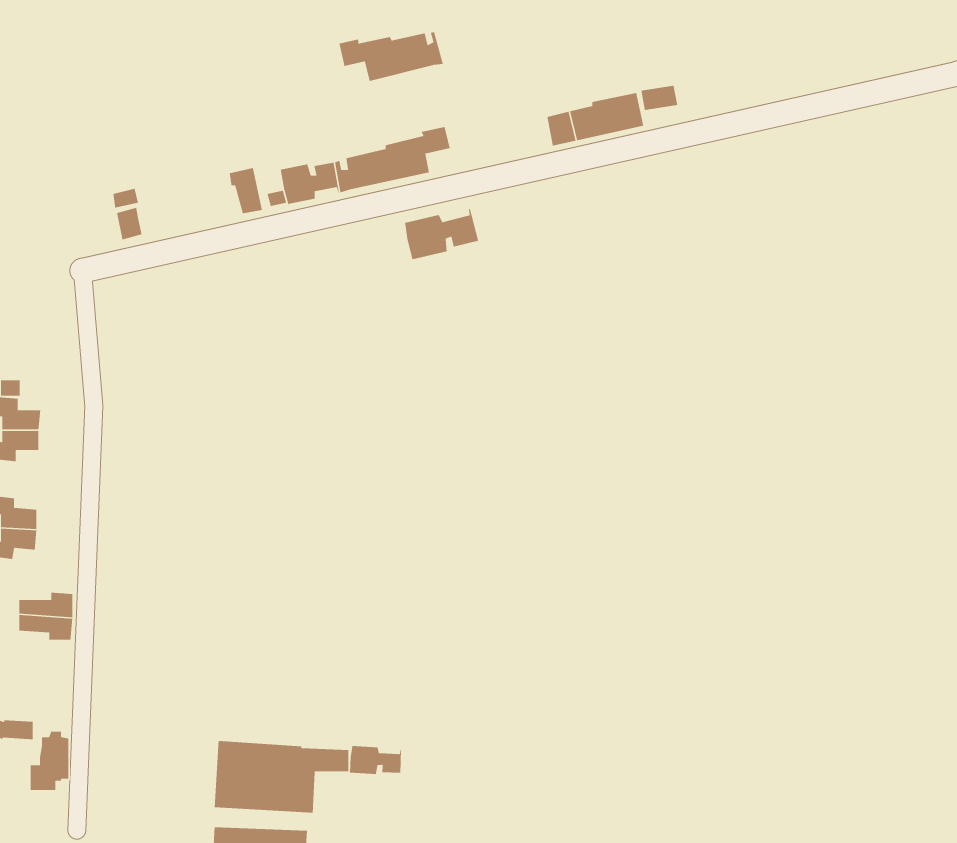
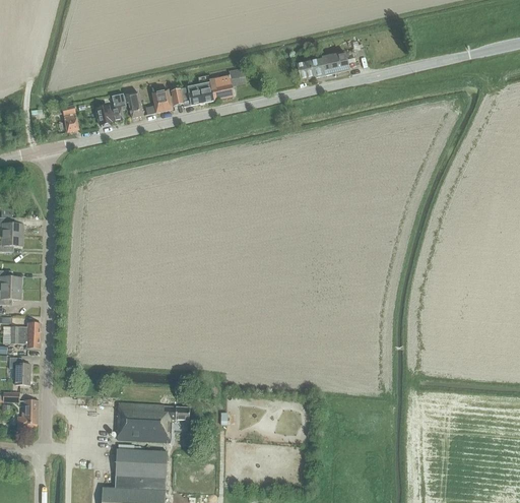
building: [339,32,444,82] -> none
building: none -> [95,95,125,125]
building: [404,208,479,260] -> none
building: none -> [8,358,29,384]
building: [349,745,402,775] -> none

